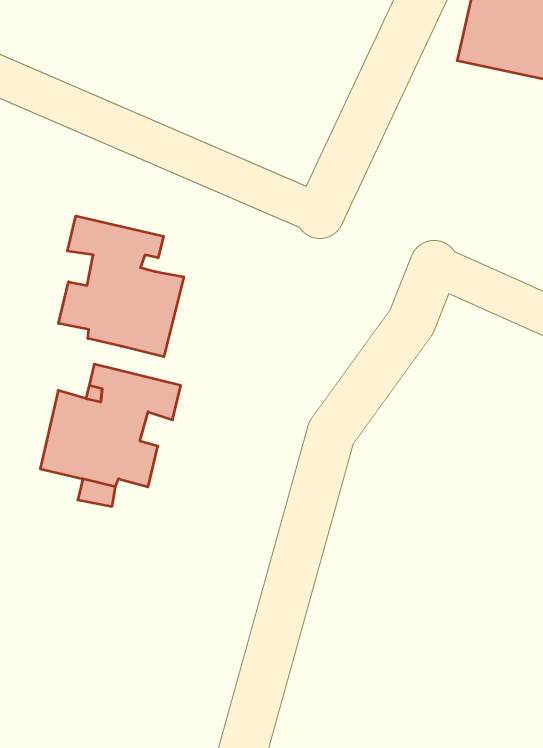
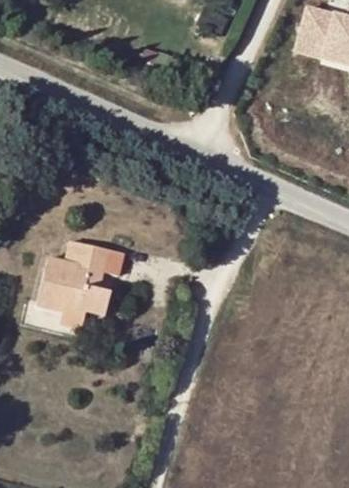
building: [59,216,184,357] -> none

